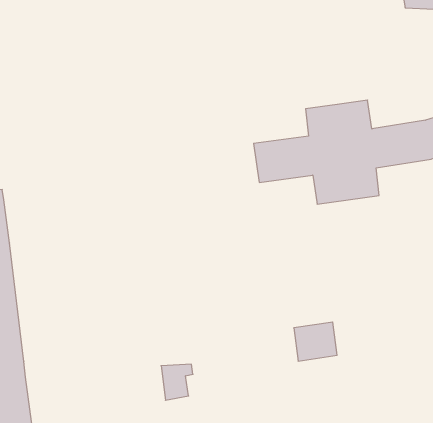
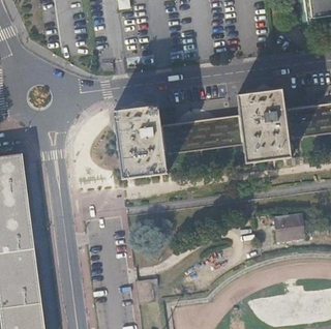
building: none -> [114,106,205,179]
building: [294,322,337,361] -> [274,213,305,241]

